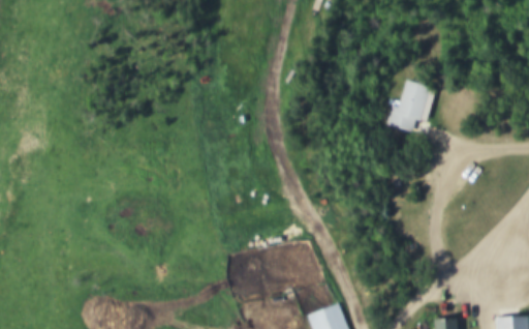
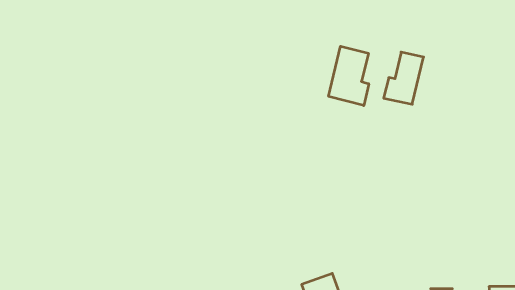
building: none -> [329,46,369,106]

